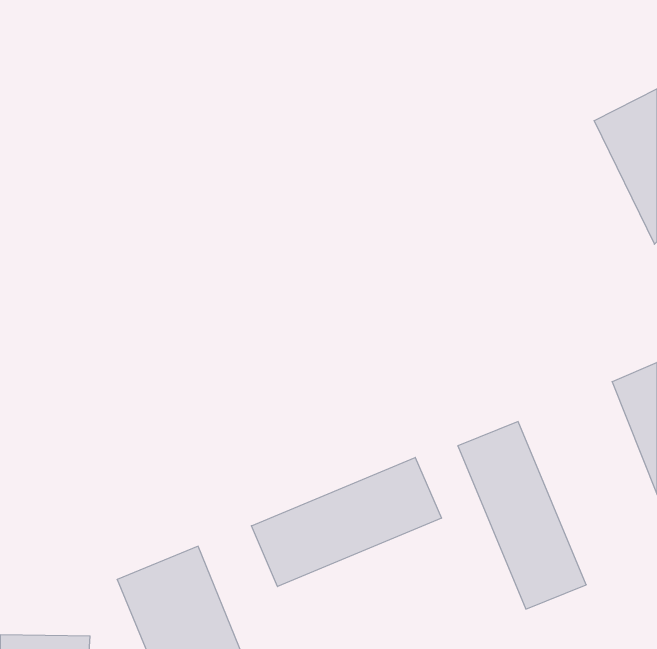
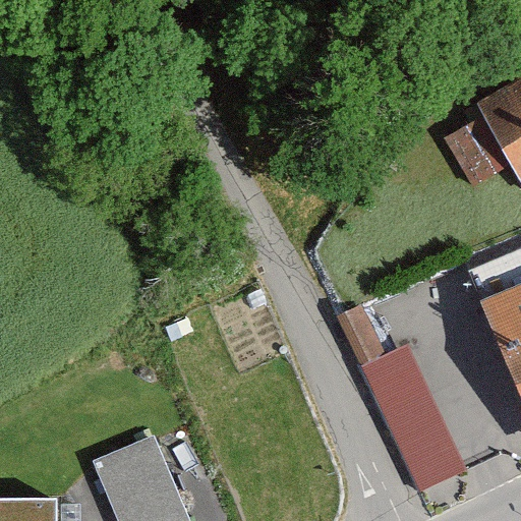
building: [251,457,441,587] -> none

